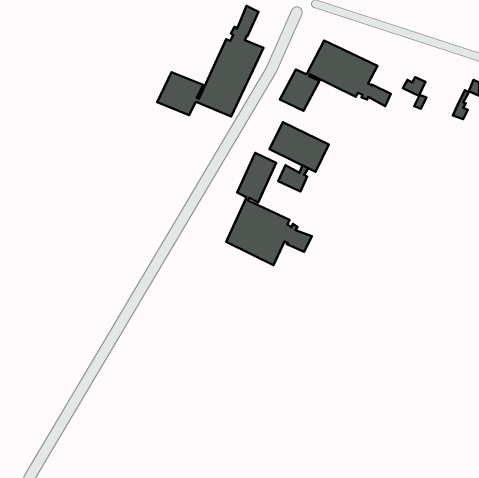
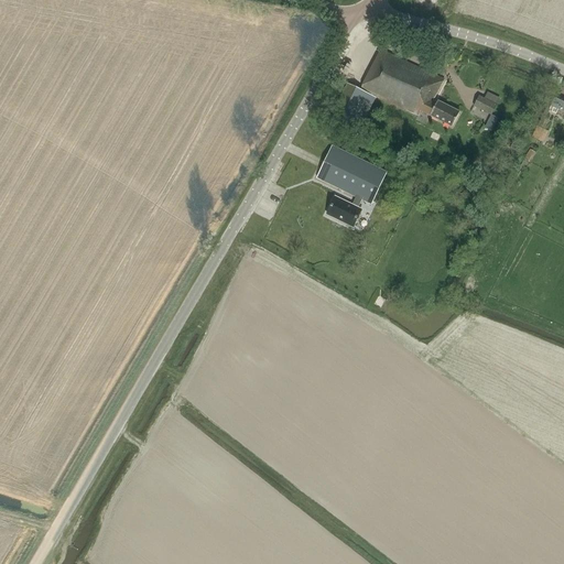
building: [157,6,264,117] -> none
building: [226,153,312,265] -> none

